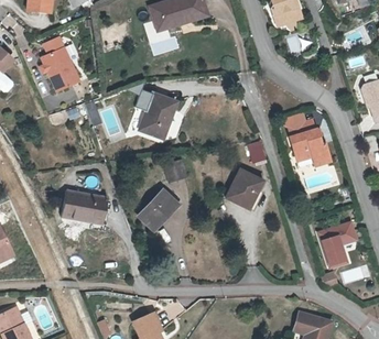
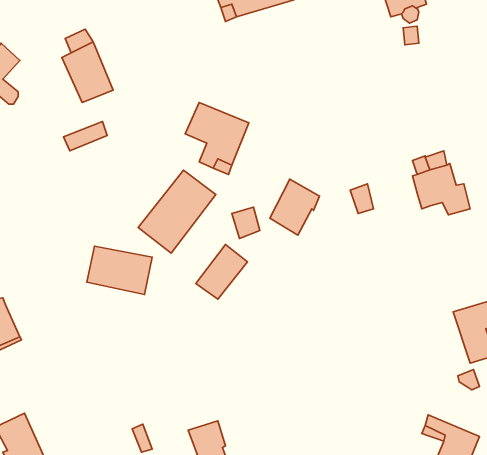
building: none -> [138,170,216,253]
building: [227,168,262,208] -> [270,179,320,235]

